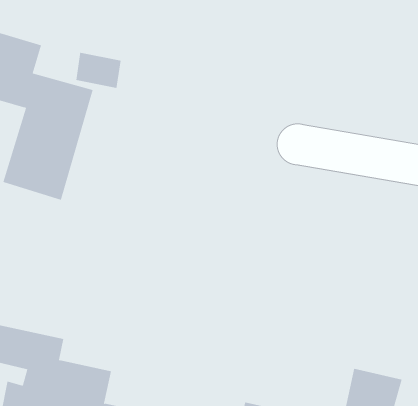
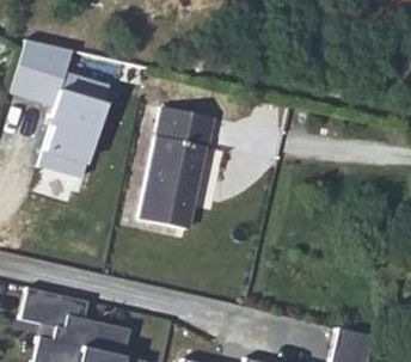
building: none -> [139,105,215,226]

